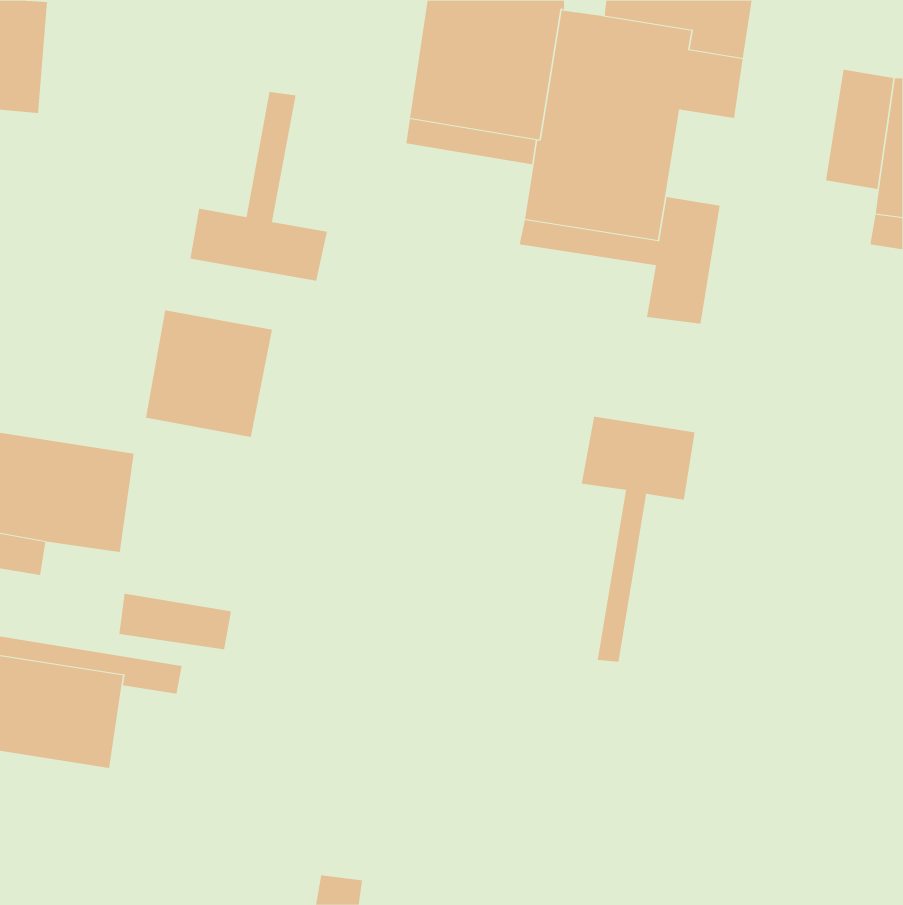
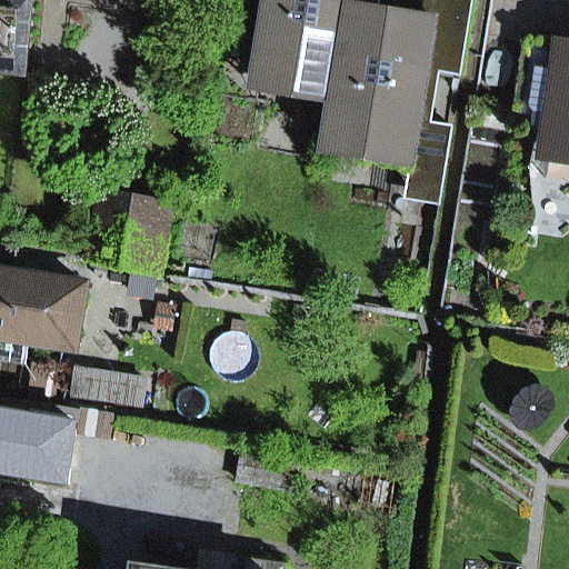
building: [190,91,327,282] -> none
building: [581,416,695,662] -> none

